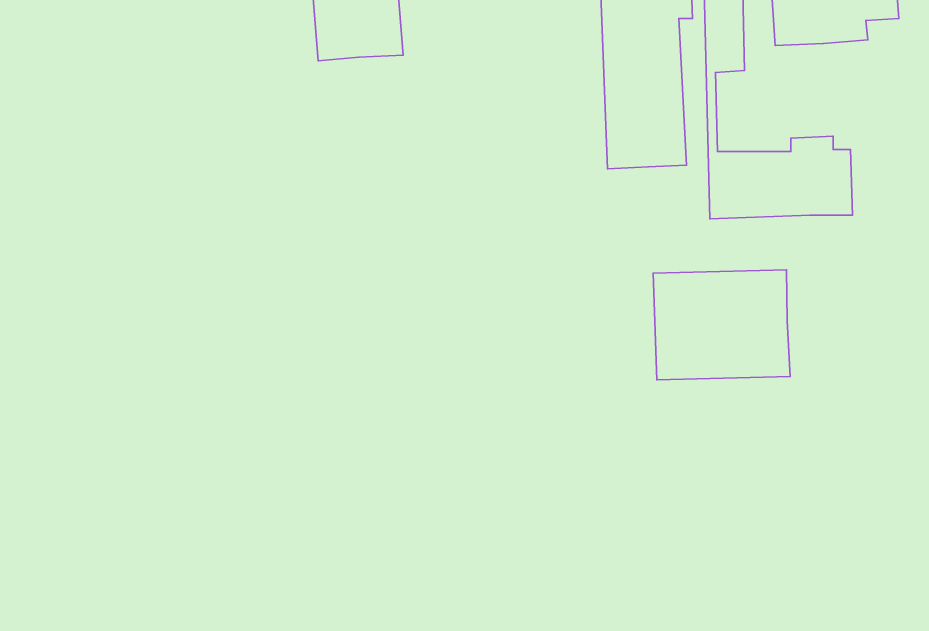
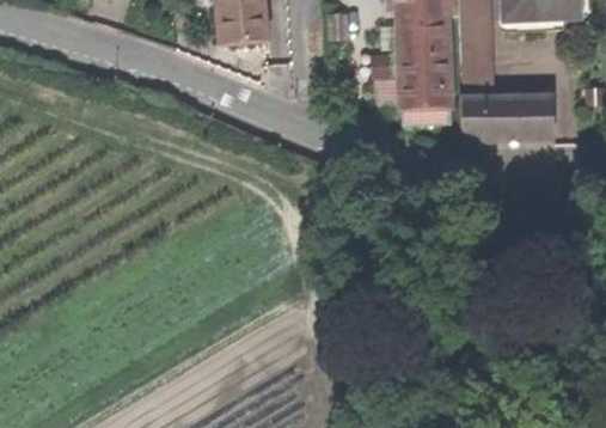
building: [653,270,790,380] -> none

